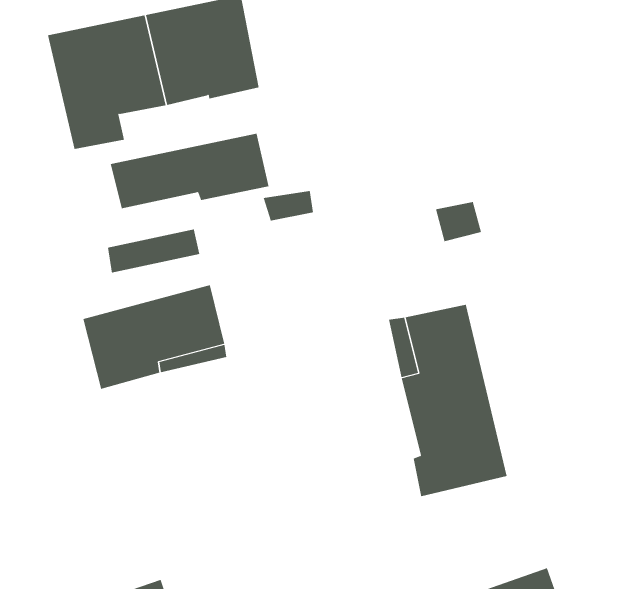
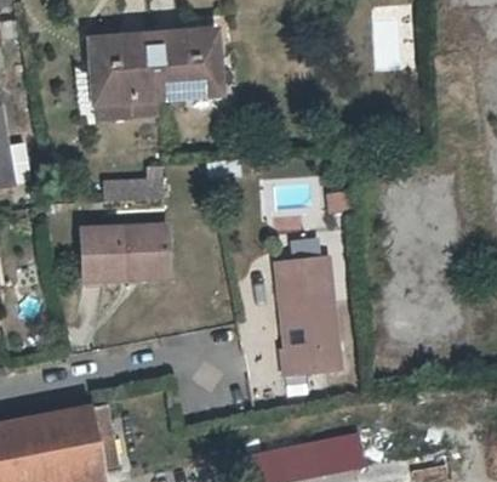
building: [110,133,269,209] -> none

